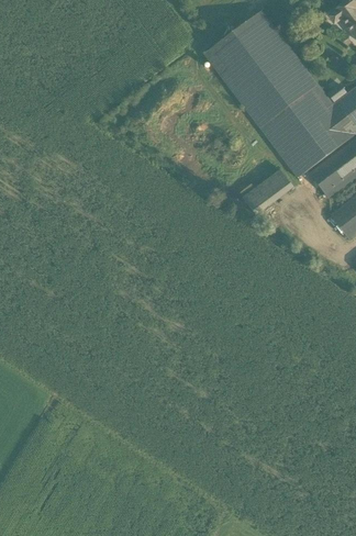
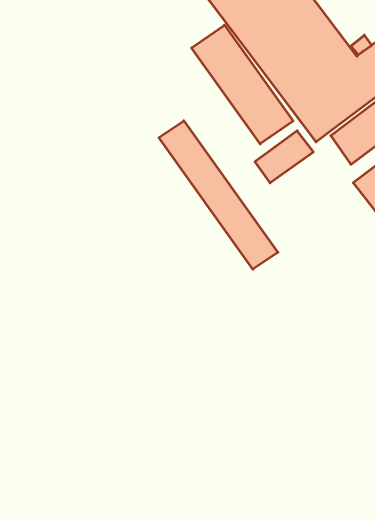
building: none -> [192,25,293,144]
building: none -> [159,121,278,269]

